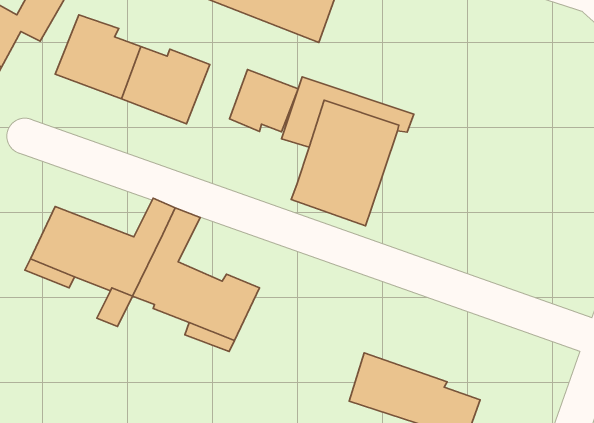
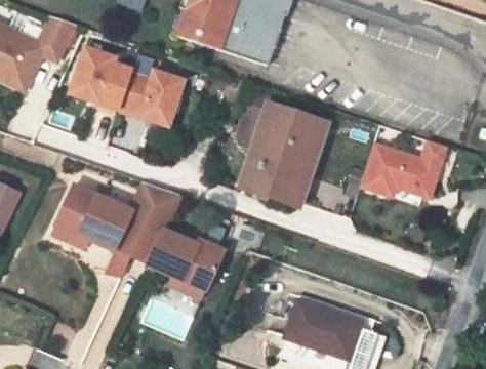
building: [229,70,298,132] -> none
building: none -> [357,145,445,202]

